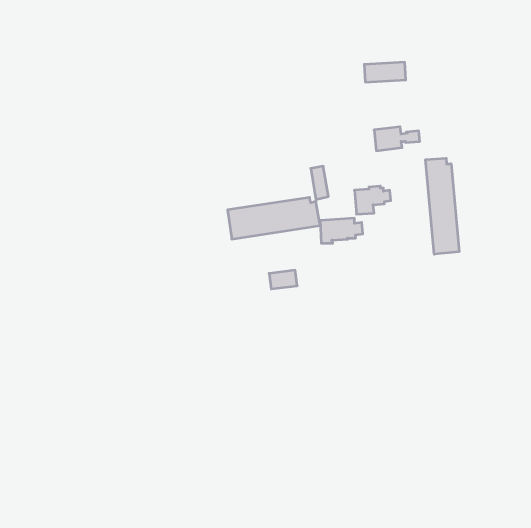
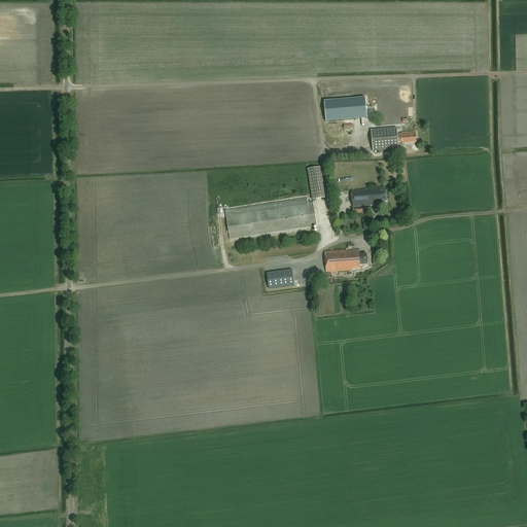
building: [364,62,406,82] -> [324,100,365,119]
building: [426,158,459,254] -> none
building: [320,218,363,243] -> [325,247,367,272]

